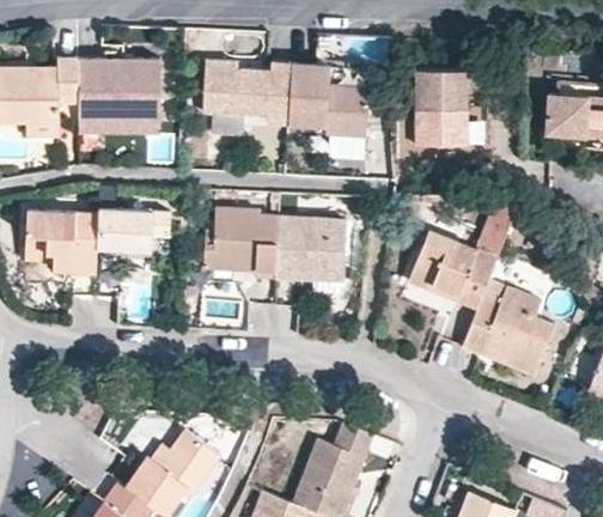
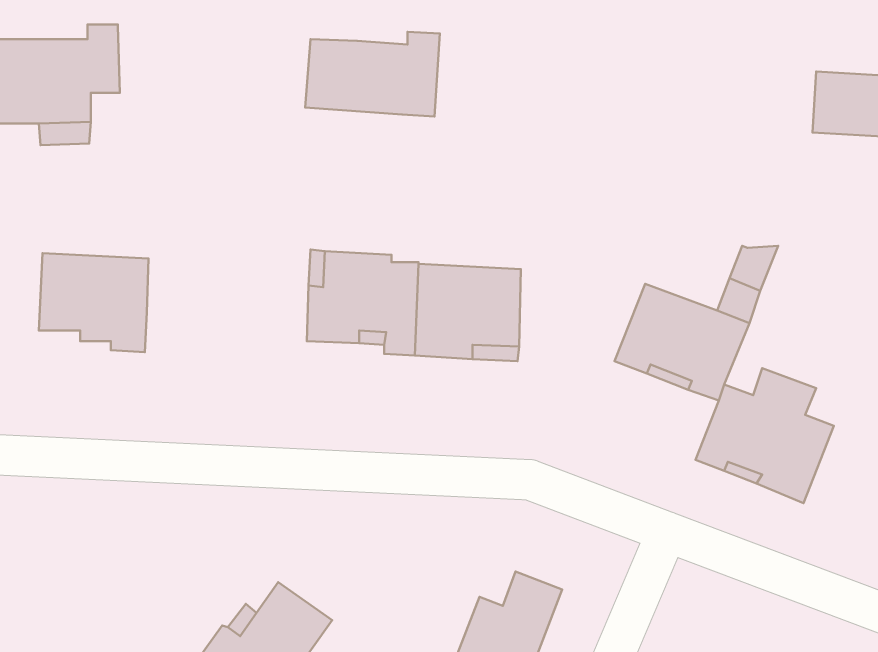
building: [79,59,162,129] -> none
building: [290,65,371,138] -> none
building: [410,67,462,142] -> none
building: [98,211,172,251] -> none

